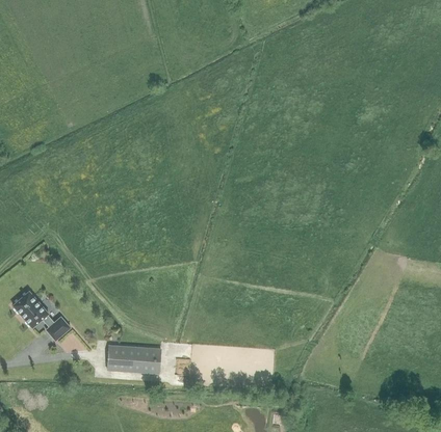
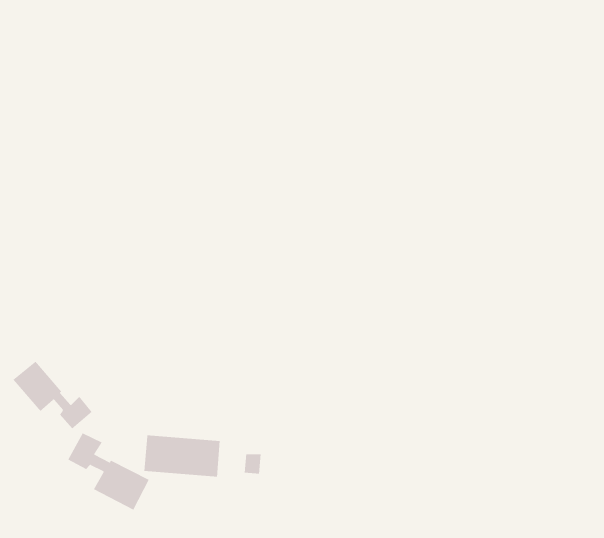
building: none -> [68,433,149,510]

